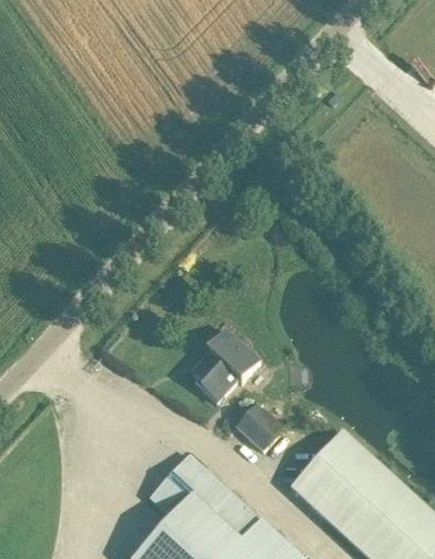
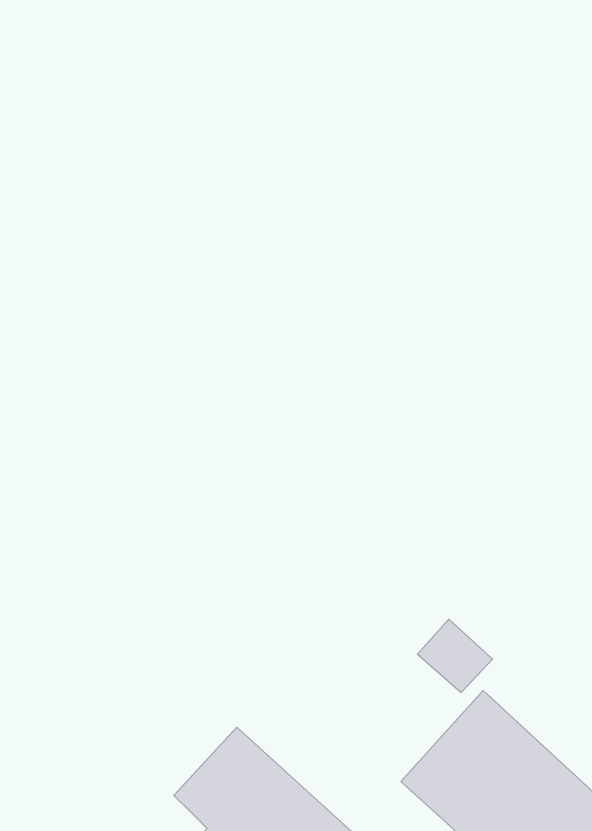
building: [191,333,257,404] -> none
building: [238,402,285,448] -> [417,619,493,692]

